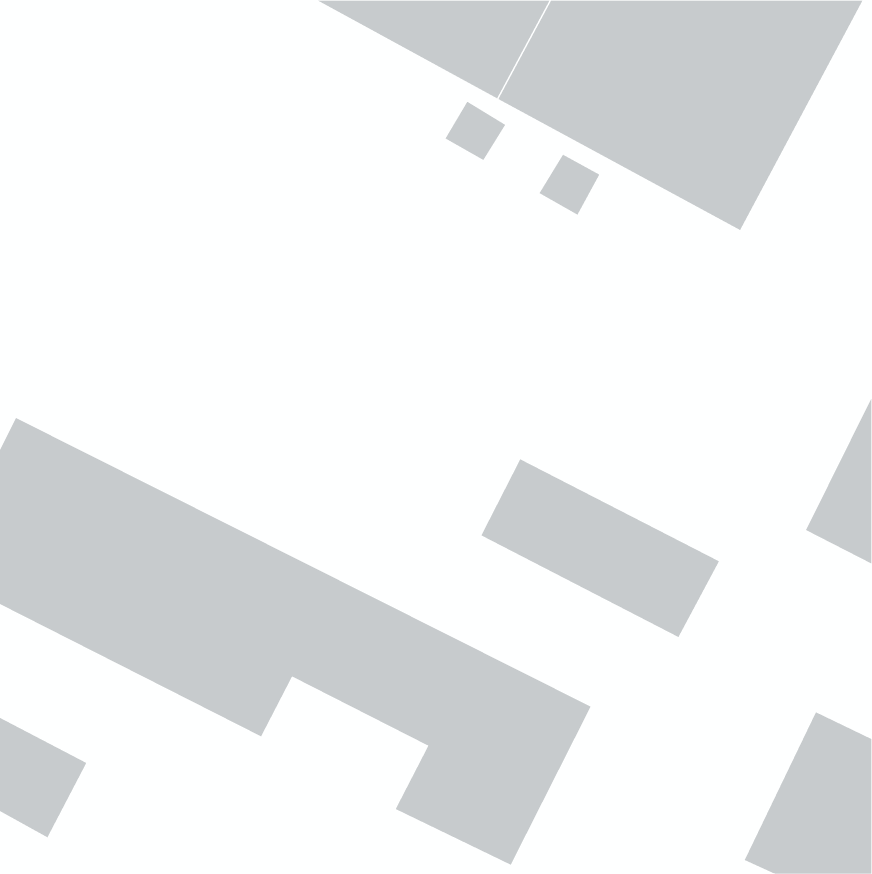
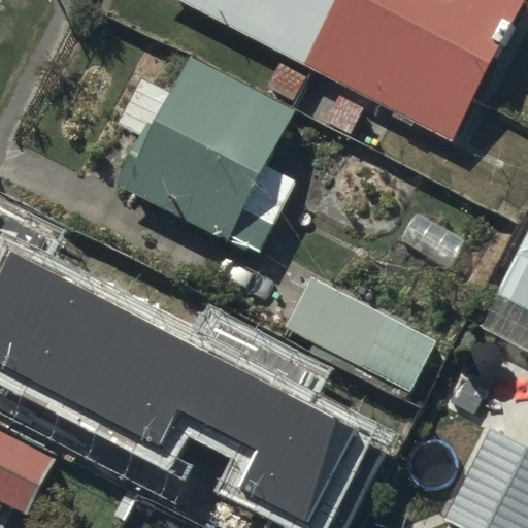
building: none -> [122,63,287,253]

